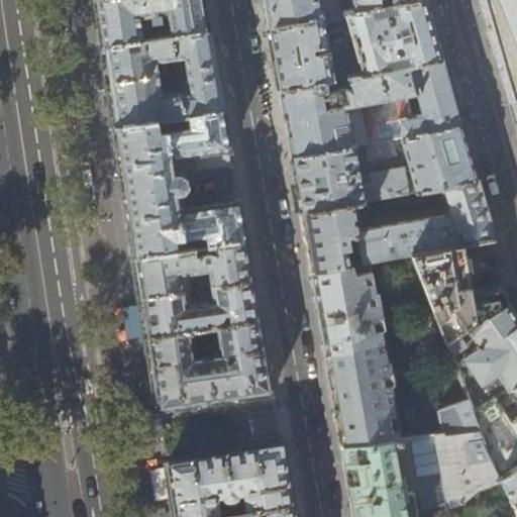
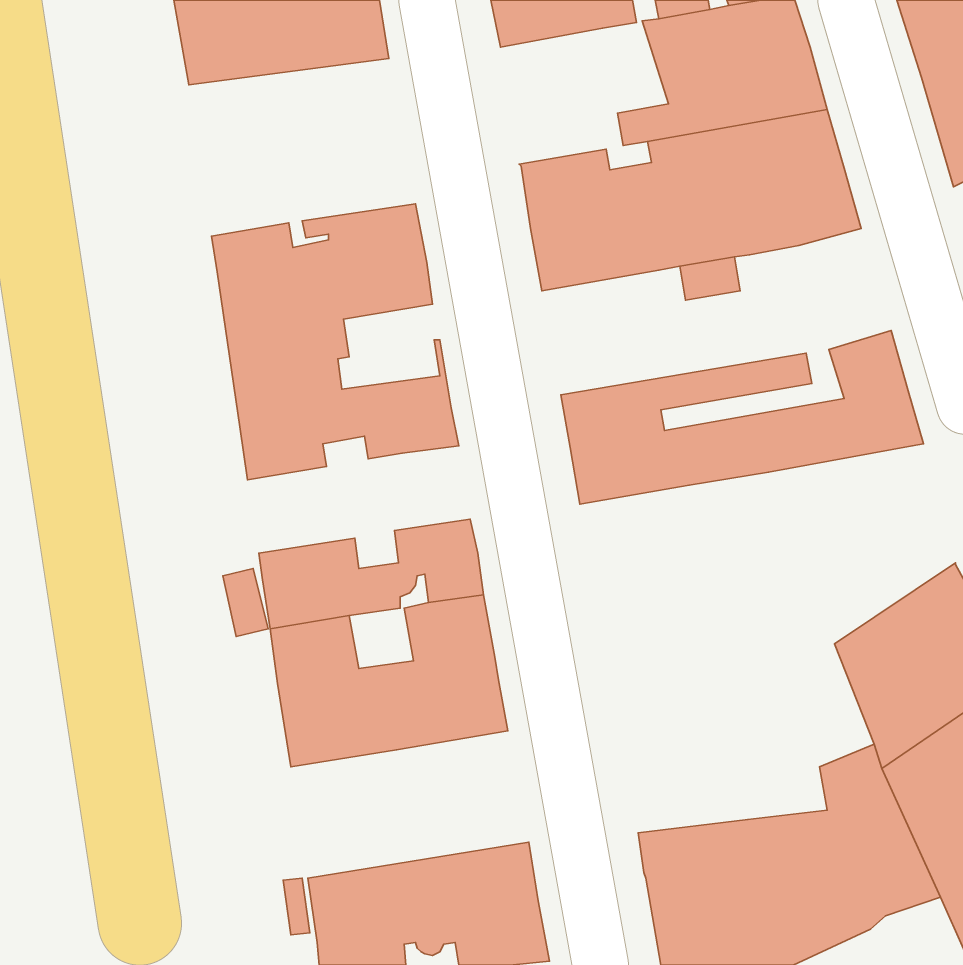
building: [269,15,334,88] -> none
building: [102,31,223,126] -> none
building: [291,122,478,211] -> none
building: [133,238,252,296] -> none
building: [412,238,512,344] -> none
building: [311,260,401,445] -> none

